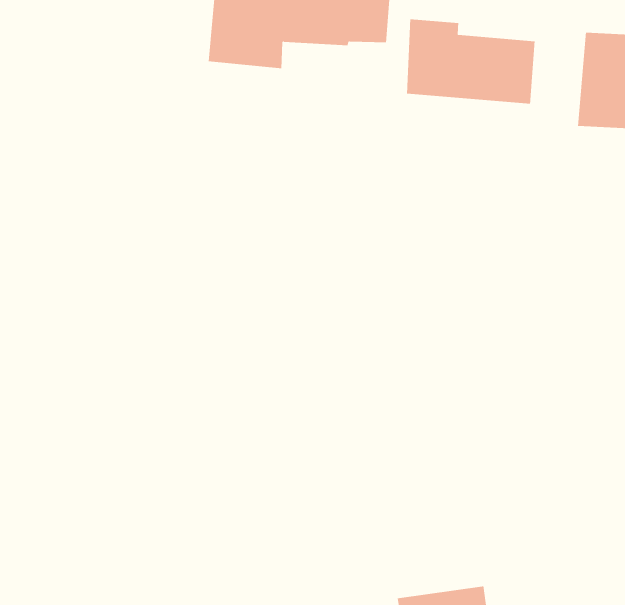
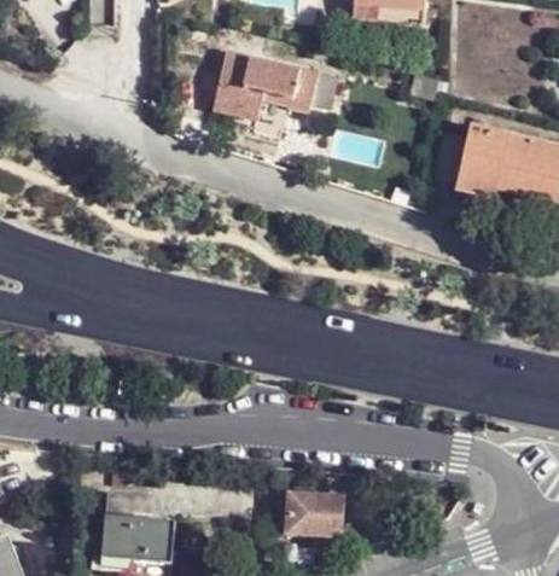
building: [406,19,535,104] -> none

